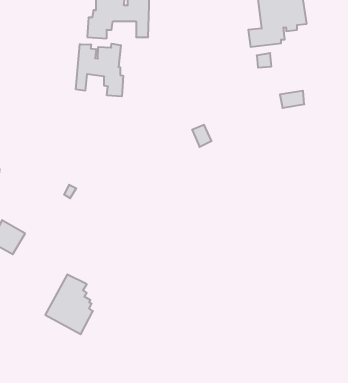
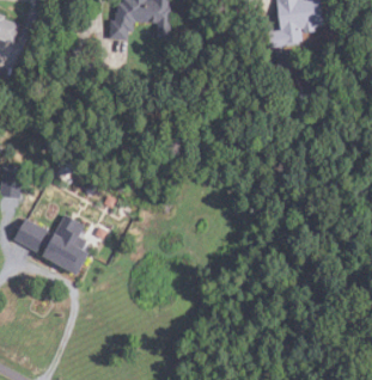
building: [76,44,123,96] -> none
building: [45,274,93,334] -> [43,216,90,275]

